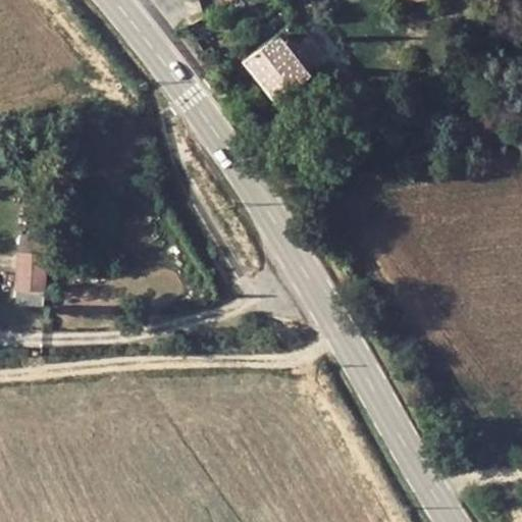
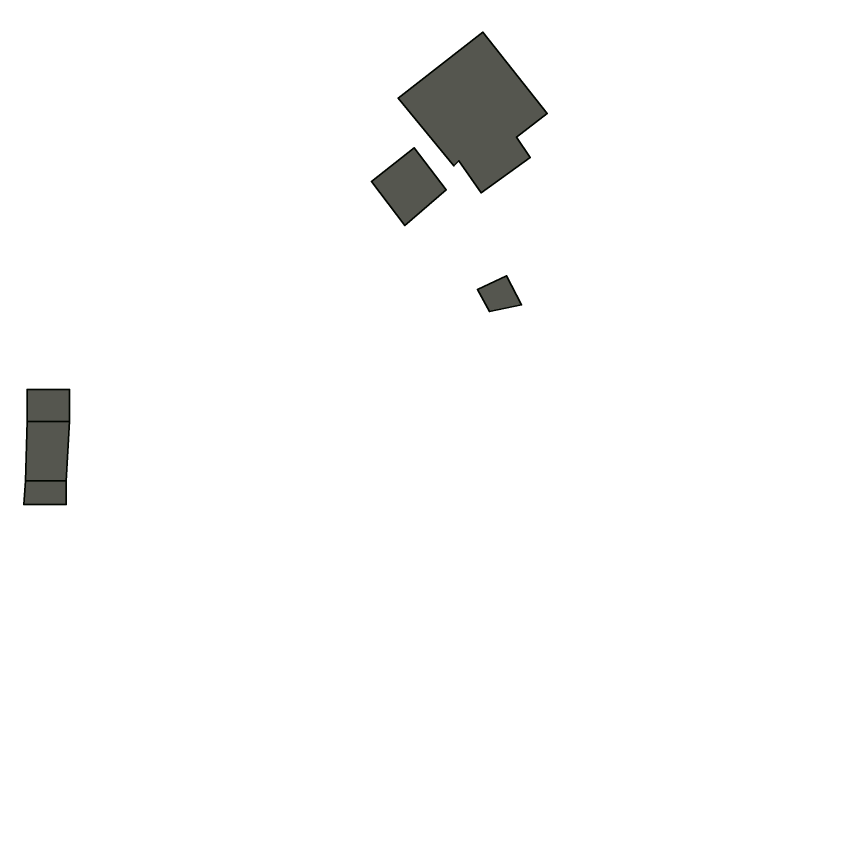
building: none -> [372,148,446,225]

